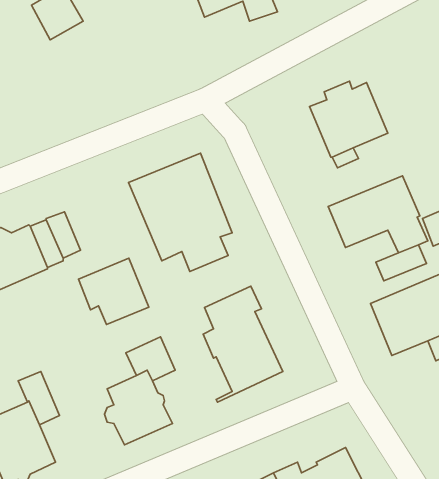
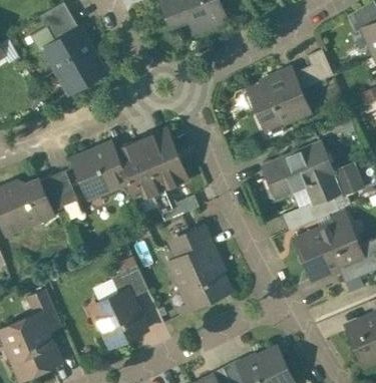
building: none -> [43,27,103,91]
building: none -> [305,49,332,84]
building: [78,258,149,325] -> [69,147,122,198]

